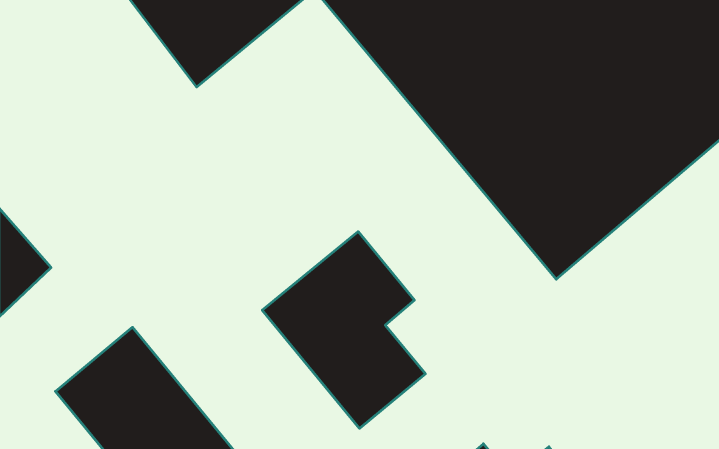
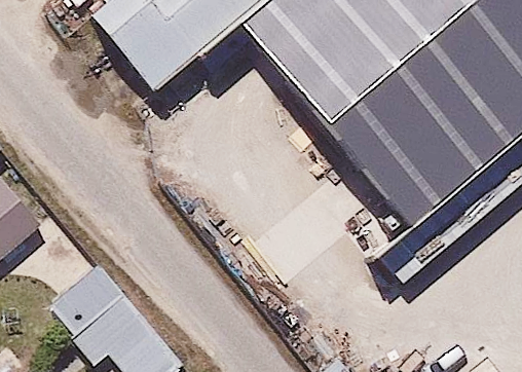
building: [262,232,425,428] -> none

